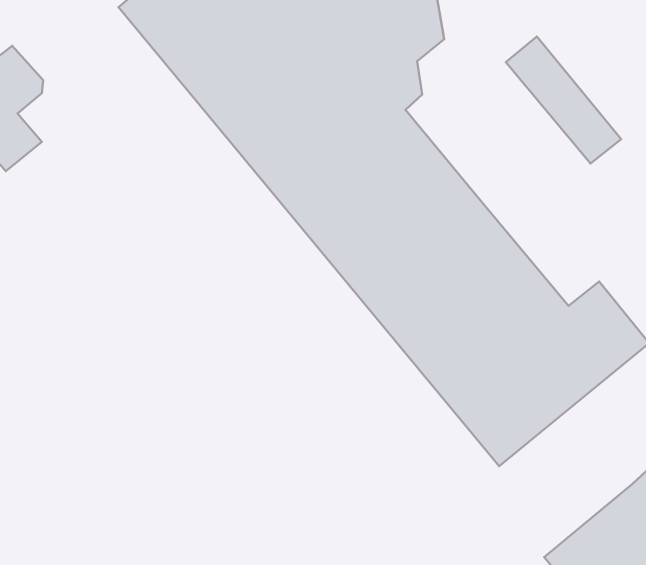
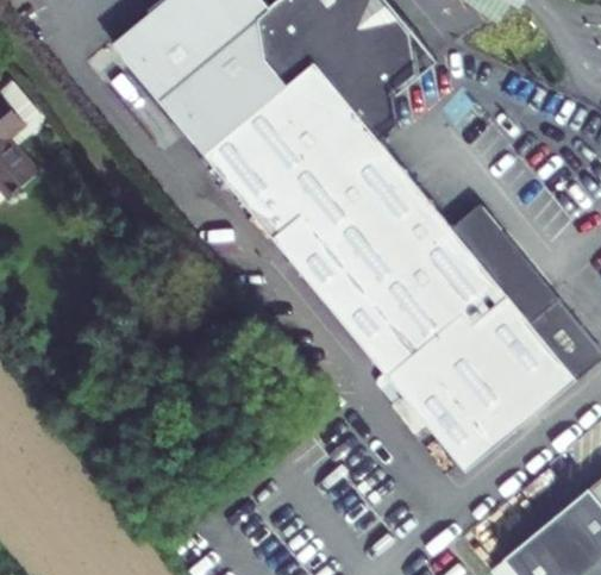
building: [506,37,621,164] -> [450,205,557,323]

